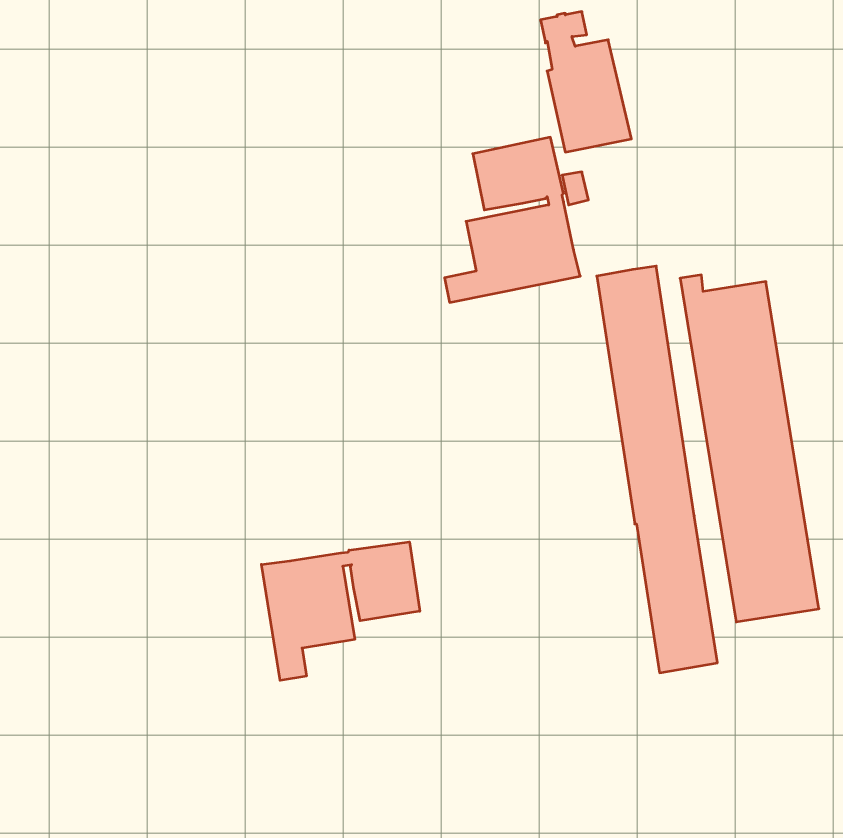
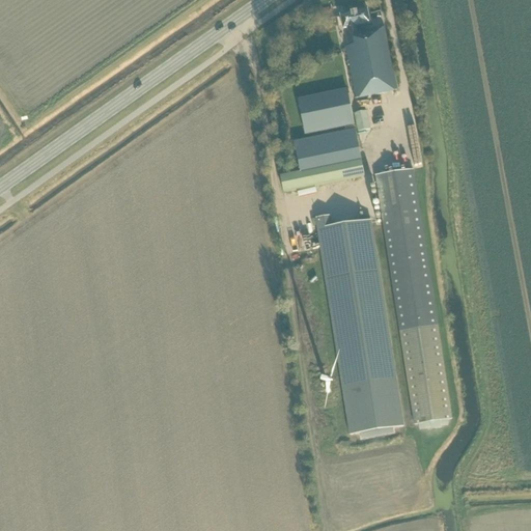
building: [680,275,819,622] -> [315,214,402,431]
building: [261,542,420,680] -> none

